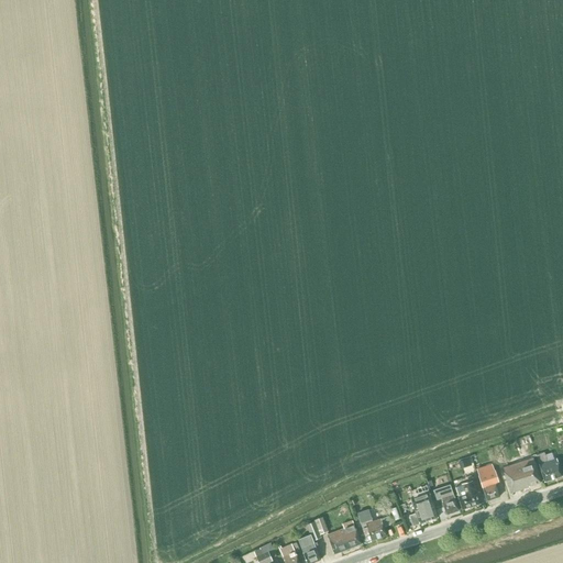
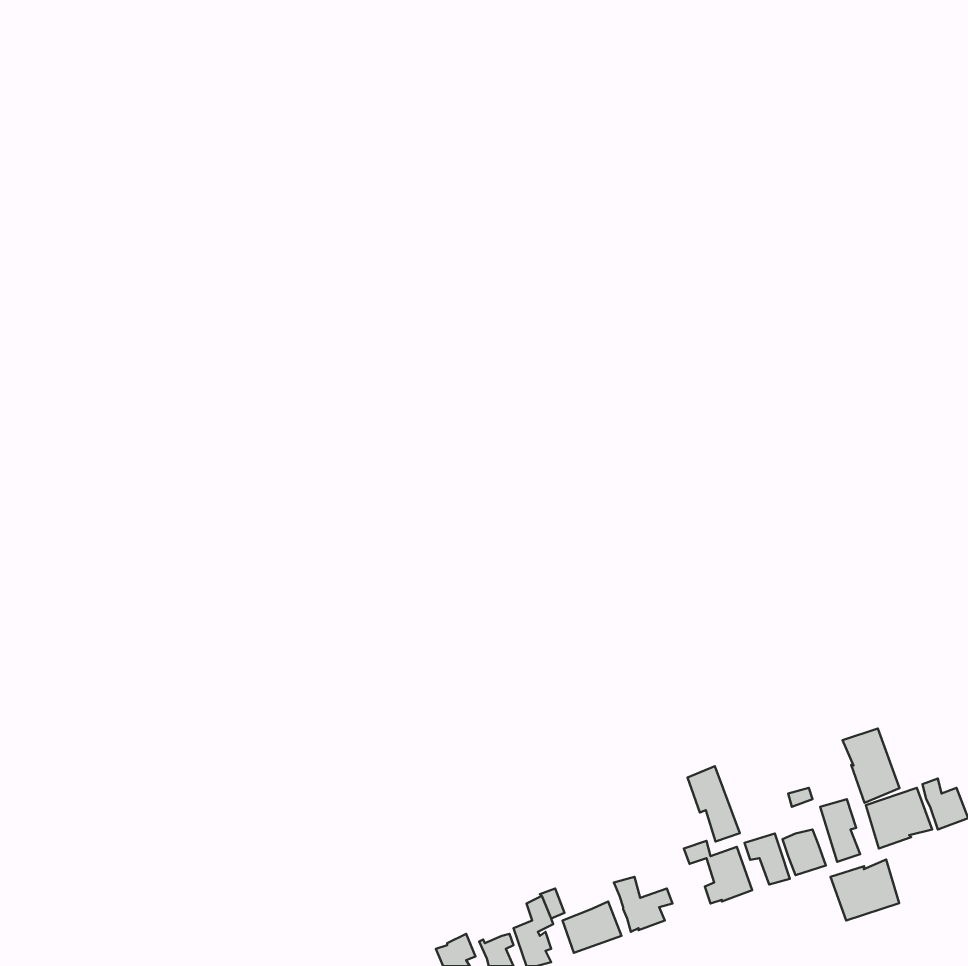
building: none -> [843,728,900,803]
building: none -> [687,766,740,842]
building: none -> [830,860,899,921]

